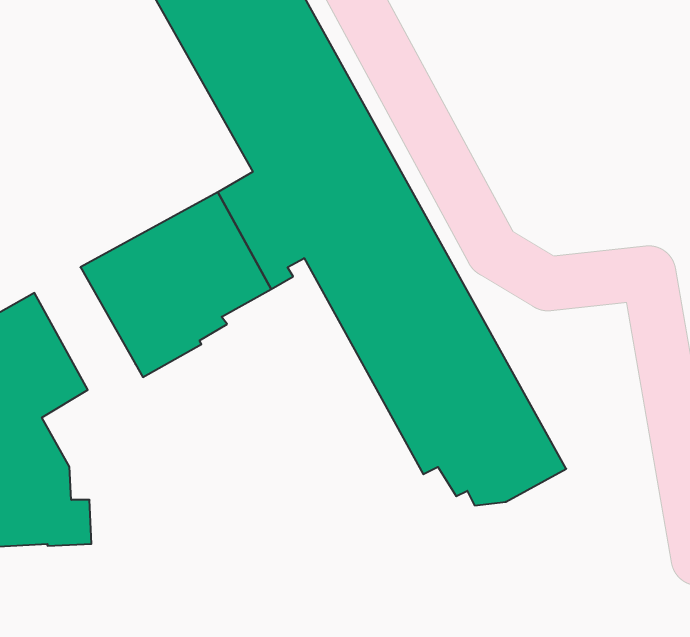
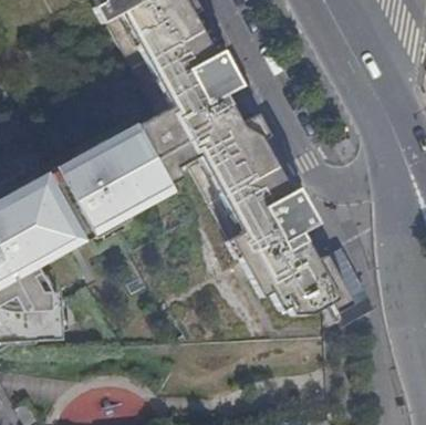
building: none -> [25,168,86,242]

